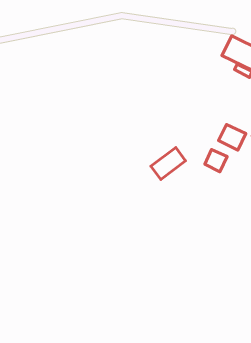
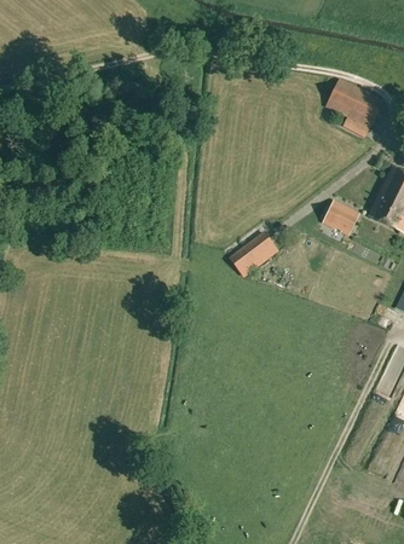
building: [205,150,227,172] -> none

